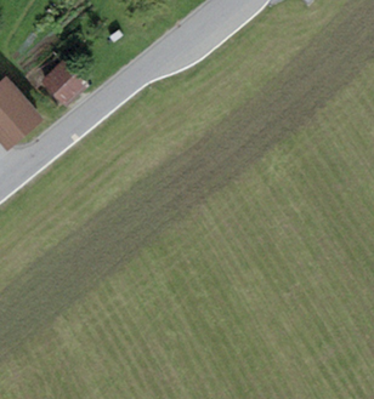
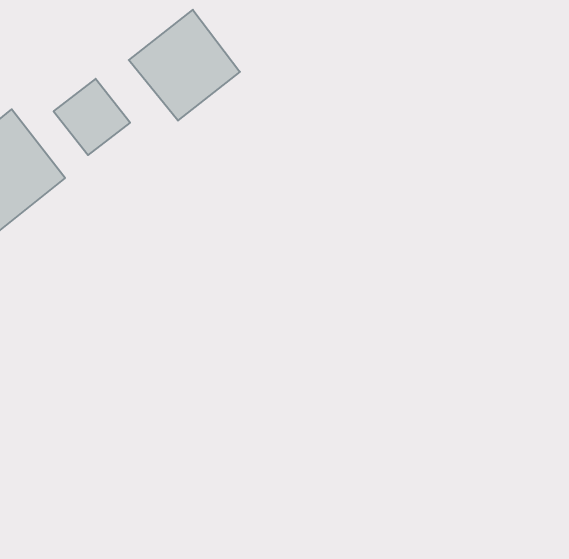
building: none -> [129,10,240,121]

